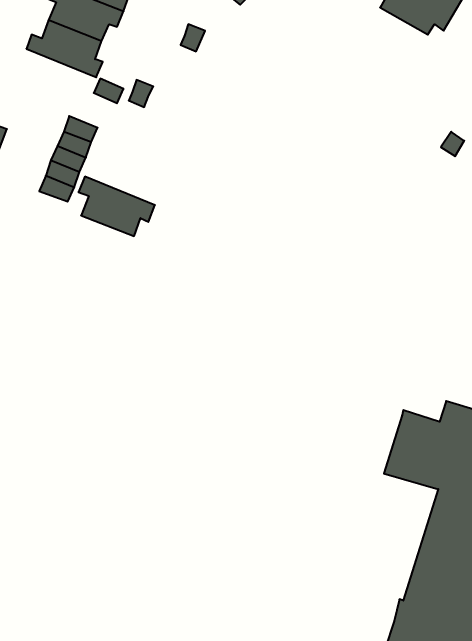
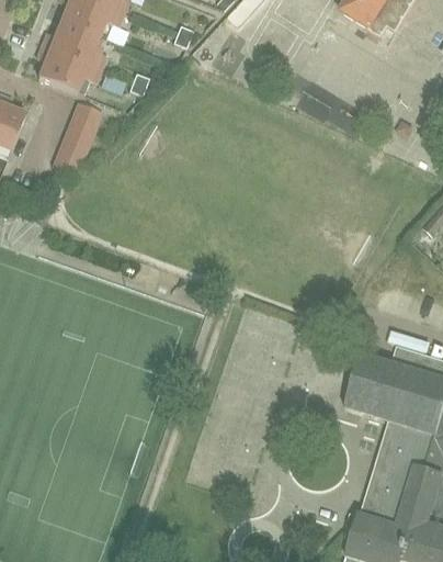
building: [78,177,155,236] -> [36,46,101,97]

